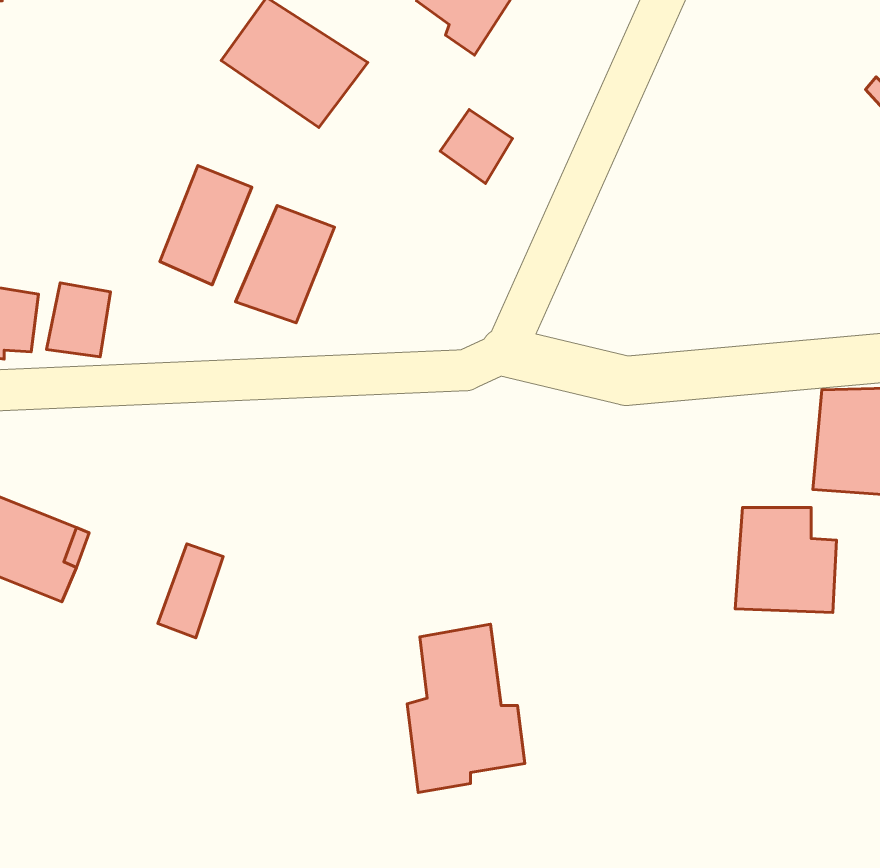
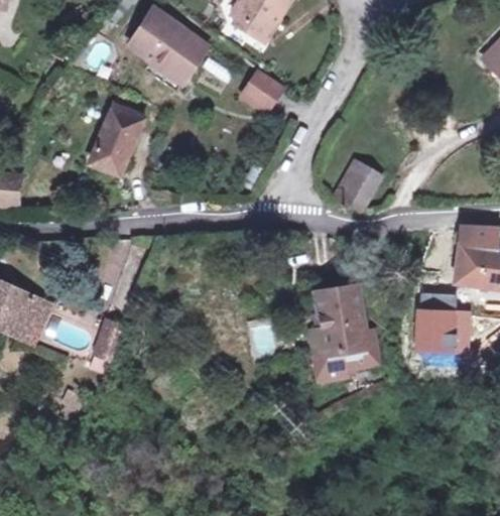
building: [236,206,334,323] -> none
building: none -> [334,158,381,209]
building: [46,283,110,357] -> none
building: [407,624,525,792] -> [311,284,377,378]

